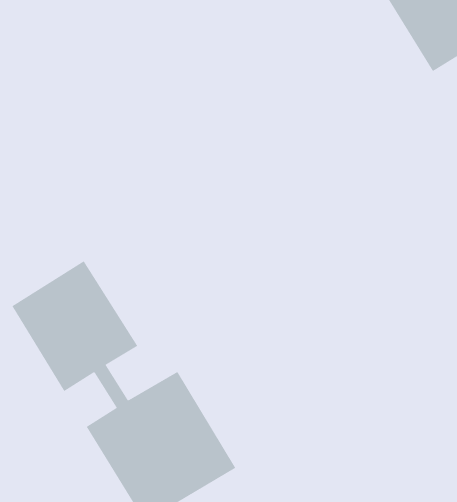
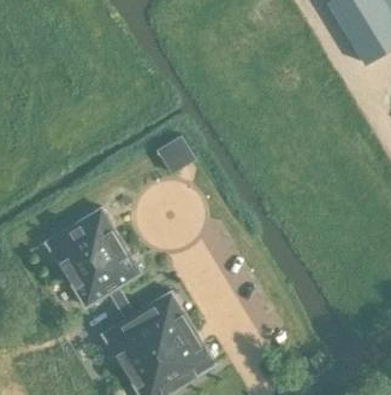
building: none -> [156,136,196,176]

